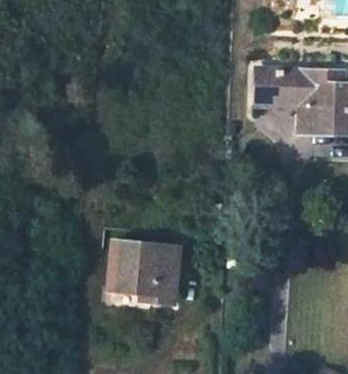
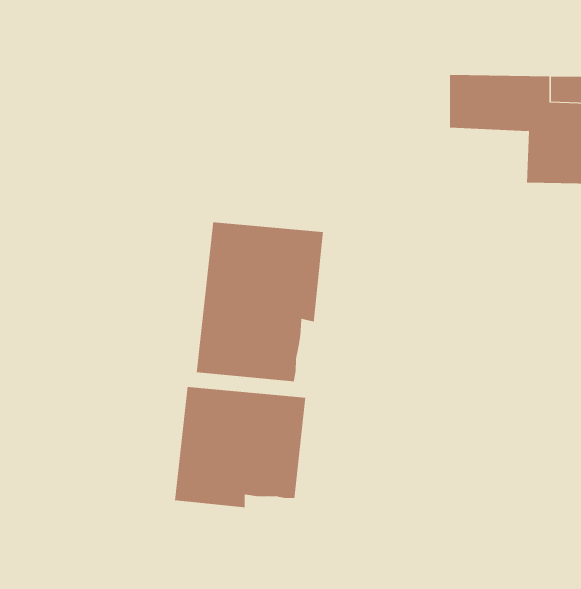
building: none -> [196,221,323,382]

